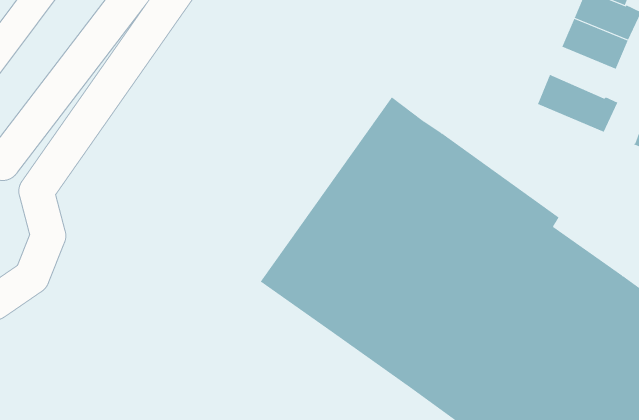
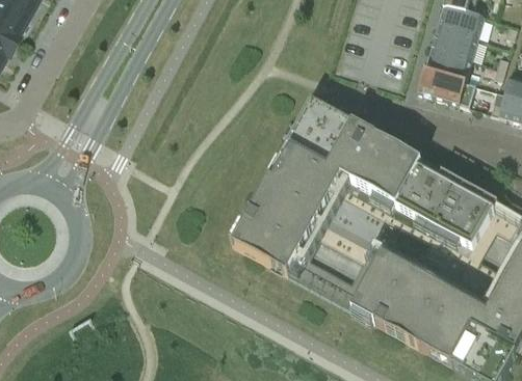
building: none -> [425,42,473,75]

